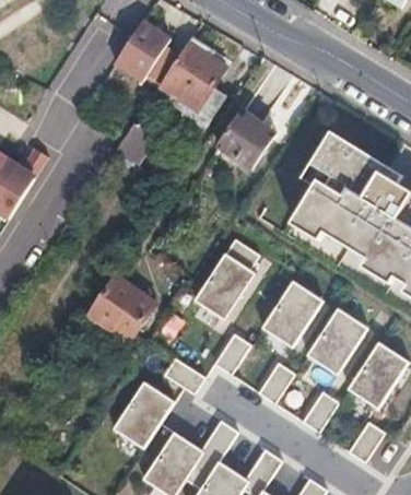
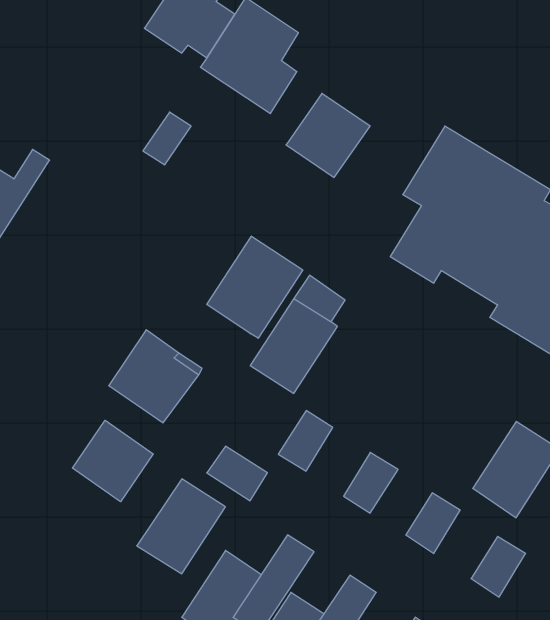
building: none -> [207,236,303,338]
building: [262,280,324,346] -> none
building: [307,305,368,373] -> none
building: none -> [72,420,153,502]

